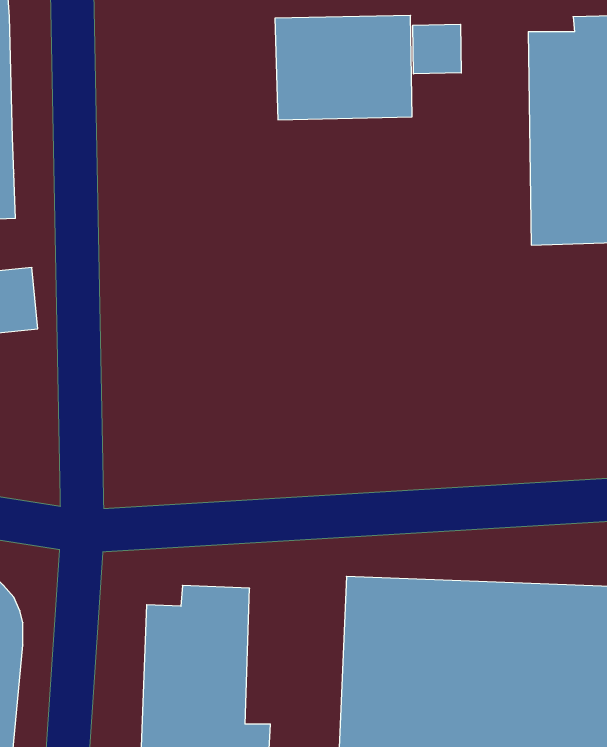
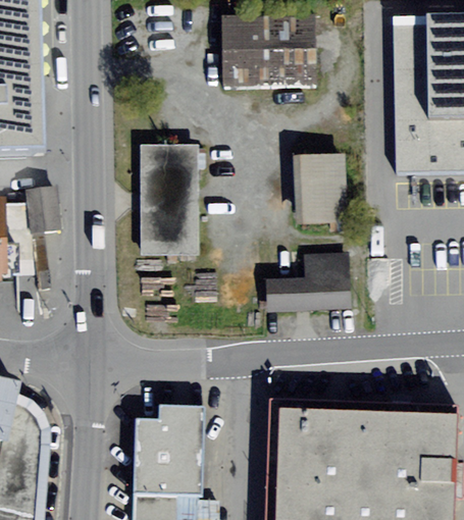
building: [413,24,461,74] -> none
building: none -> [140,145,198,255]
building: none -> [293,154,347,224]
building: none -> [265,253,350,313]

